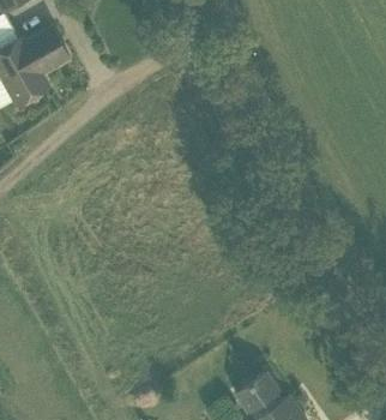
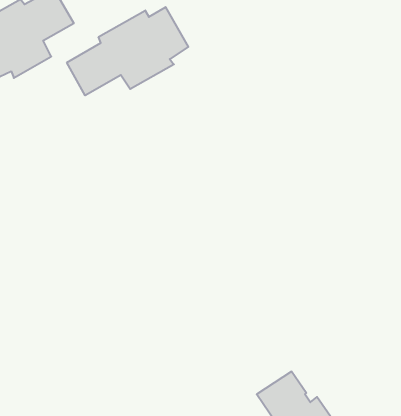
building: none -> [67,7,188,95]

